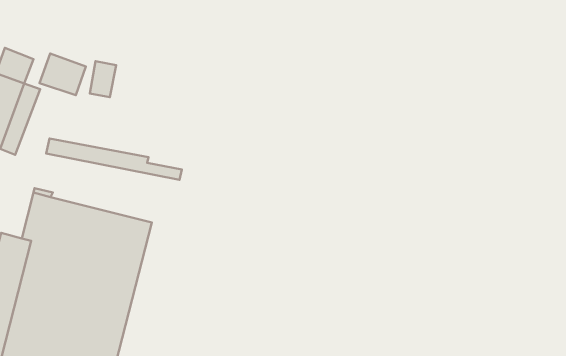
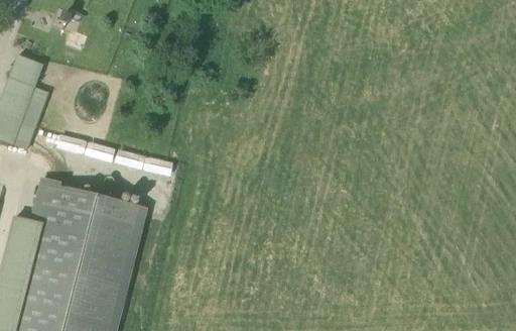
building: [39,53,86,95] -> none
building: [90,61,116,97] -> none

